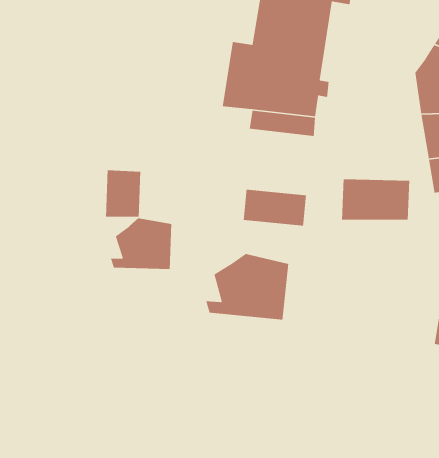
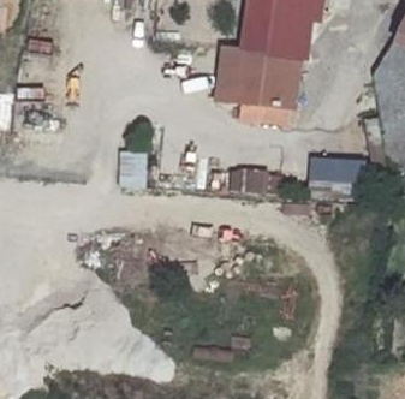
building: [110,217,172,270] -> none
building: [205,253,289,320] -> none

